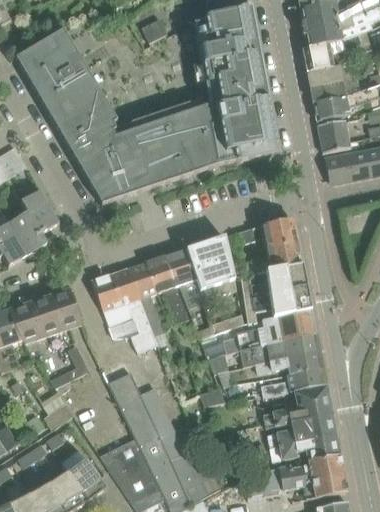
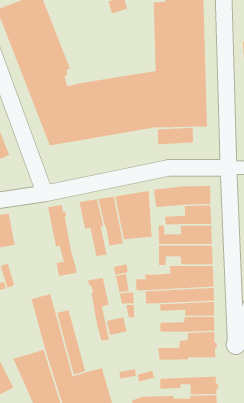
building: none -> [157,127,208,145]
building: [127,261,164,335] -> [87,277,110,341]
building: [91,273,127,324] -> none
building: [268,415,335,448] -> none

